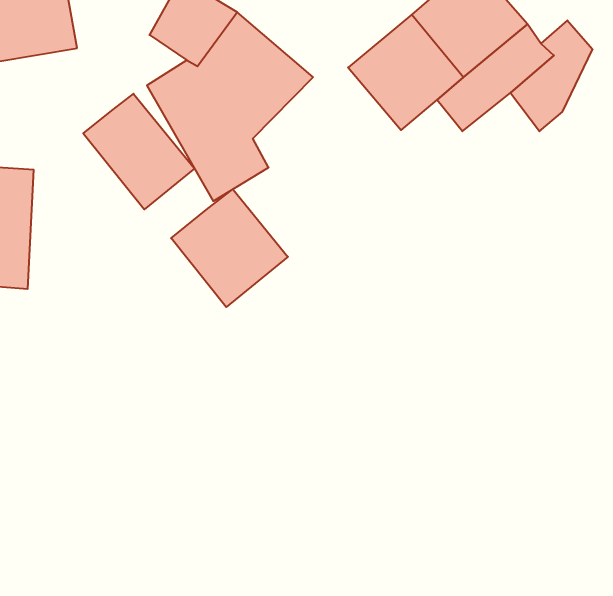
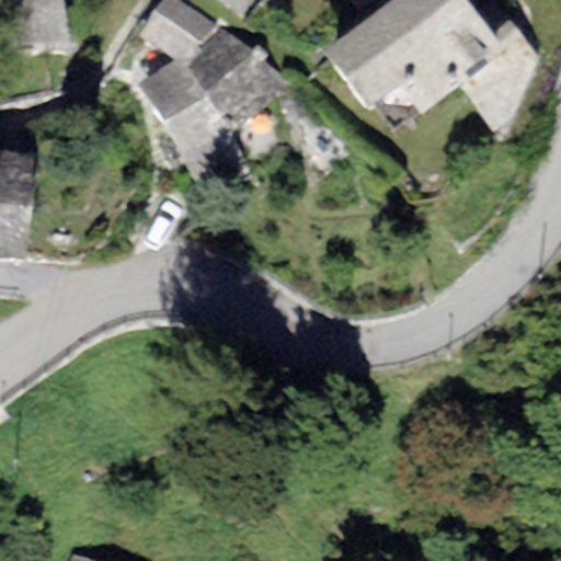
building: [83,94,195,209] -> none
building: [171,189,288,307] -> none

